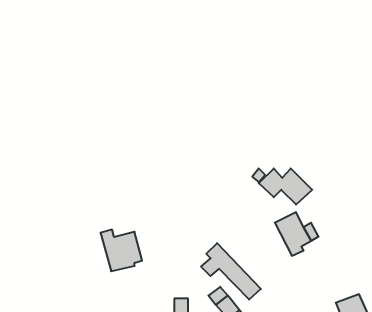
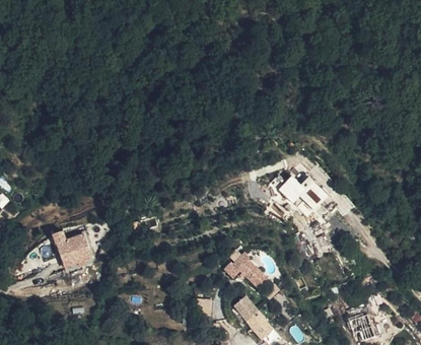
building: [100,230,142,271] -> [55,233,94,273]

